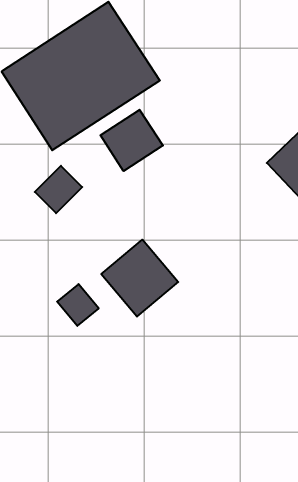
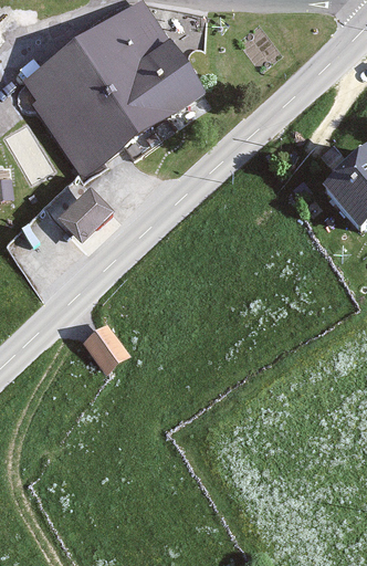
building: [100,110,163,171] -> none
building: [101,240,178,317] -> none

